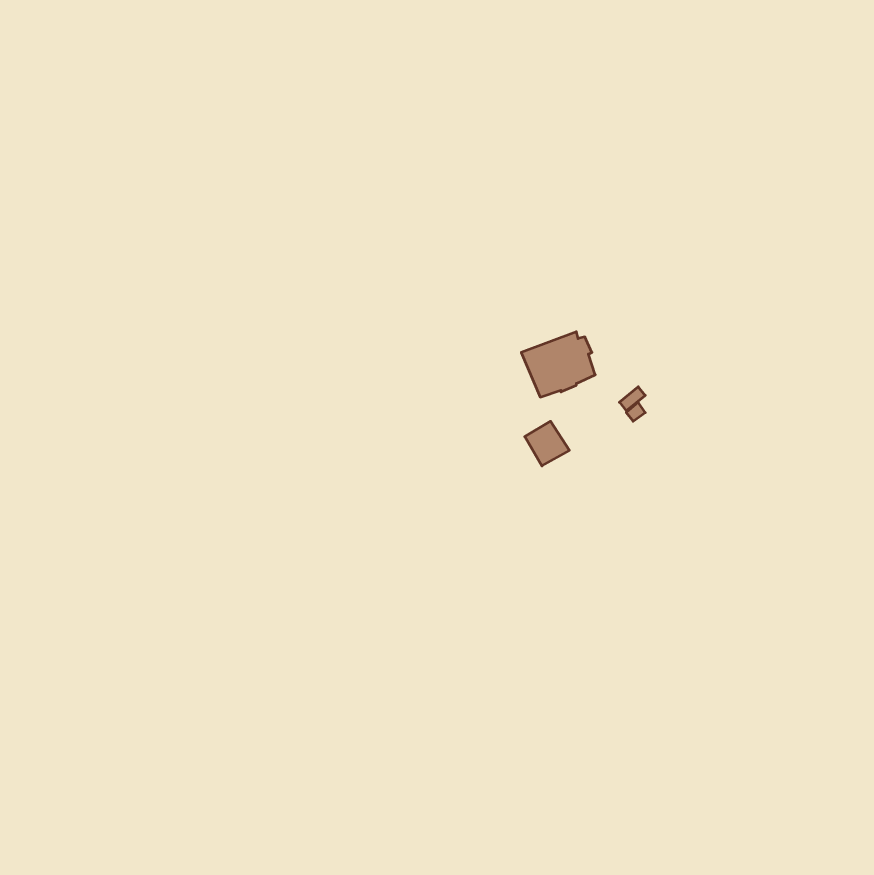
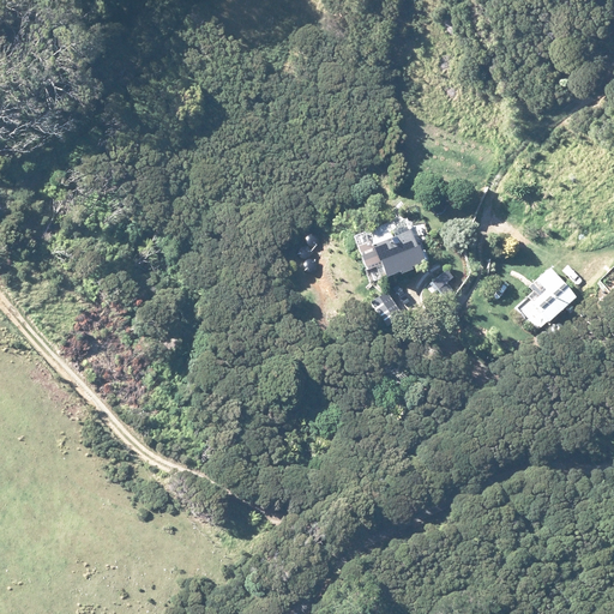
building: none -> [530,277,574,320]

